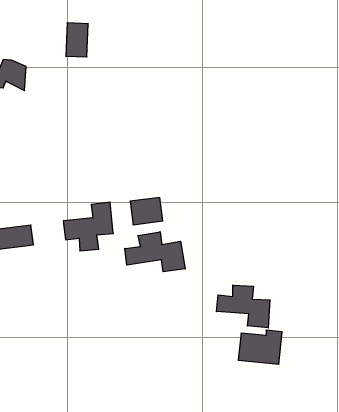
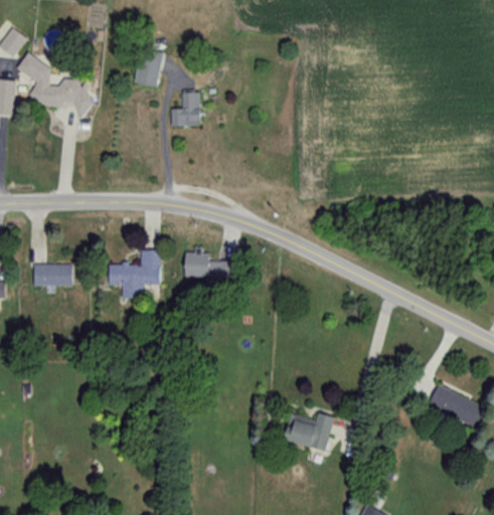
building: none -> [174,93,199,128]
building: [125,232,185,272] -> none
building: [216,285,270,328] -> none

